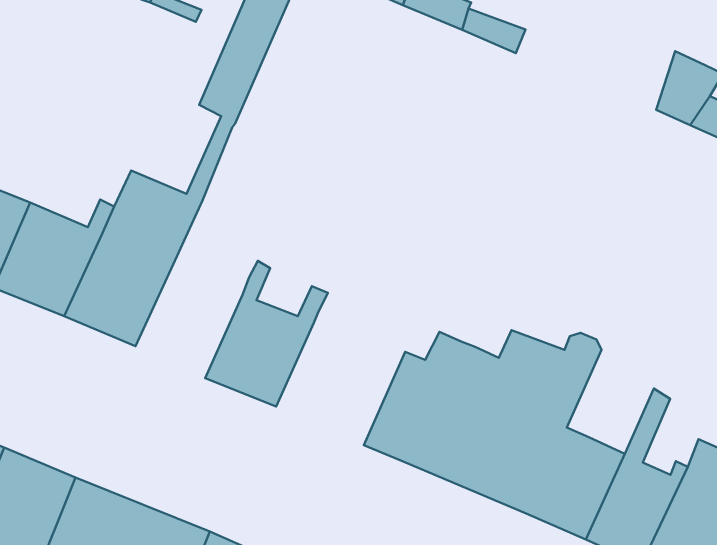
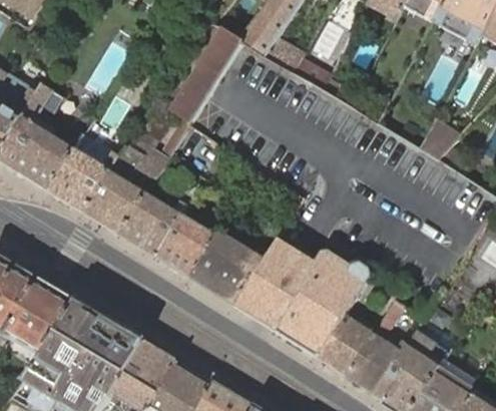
building: none -> [118,187,194,257]
building: none -> [189,231,264,306]

